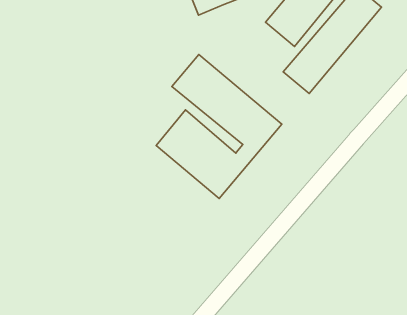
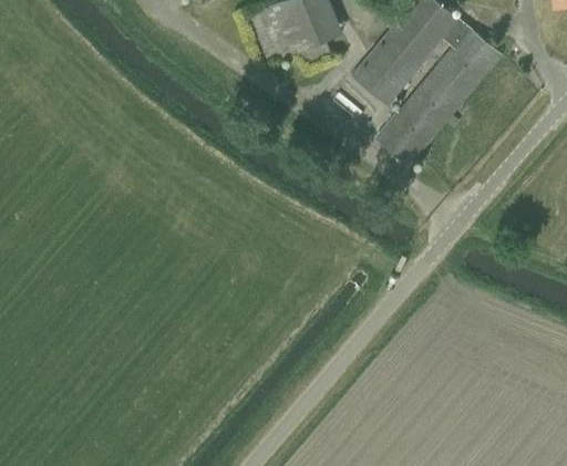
building: [156,54,282,198] -> none

